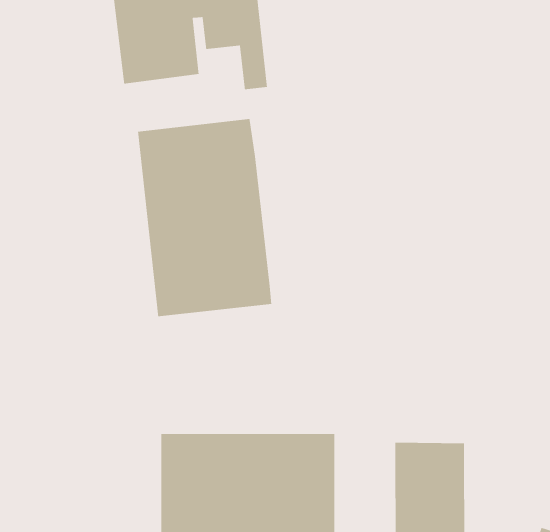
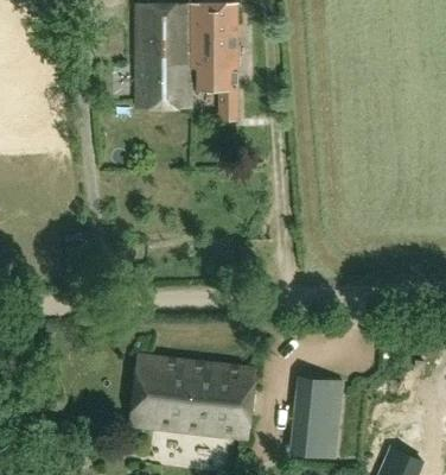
building: [137,118,272,317] -> none

